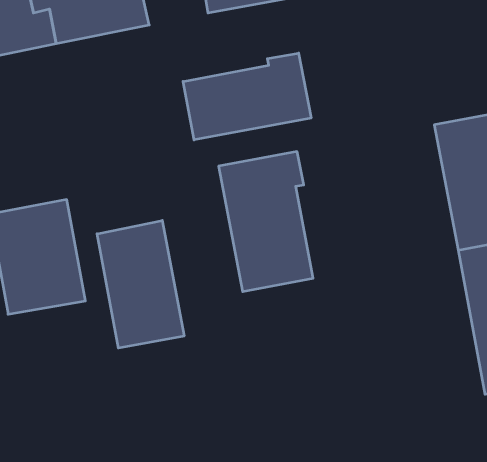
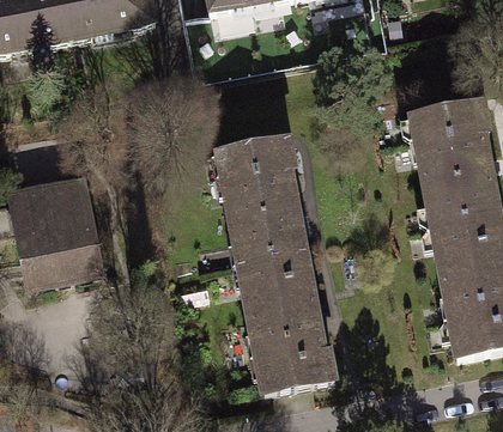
building: [183,53,311,140] -> none
building: [97,220,184,348] -> none
building: none -> [241,250,335,391]

